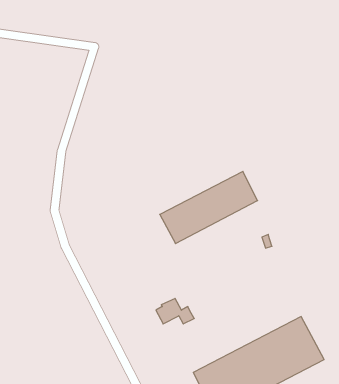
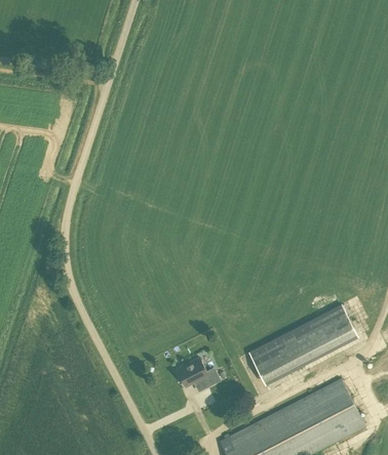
building: [160,171,258,244] -> [247,304,357,385]

